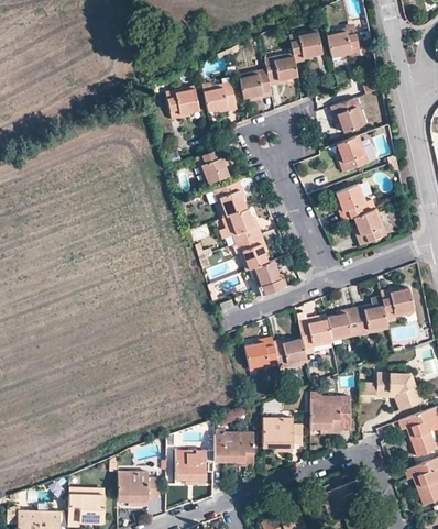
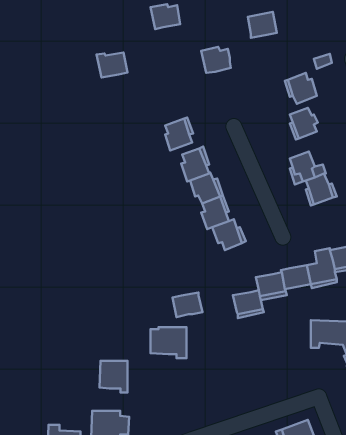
building: [328,30,360,57] -> none
building: [266,56,297,82] -> none
building: [204,85,237,112] -> [150,4,180,29]
building: [166,89,200,117] -> [96,53,127,78]
building: [245,341,278,368] -> [173,292,202,317]
building: [310,396,351,431] -> none
building: [263,417,304,448] -> none
building: [216,432,255,466] -> [151,327,186,358]
building: [176,450,207,485] -> [99,361,127,393]

